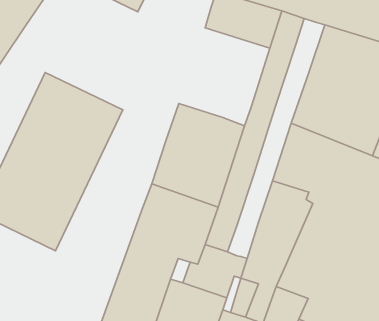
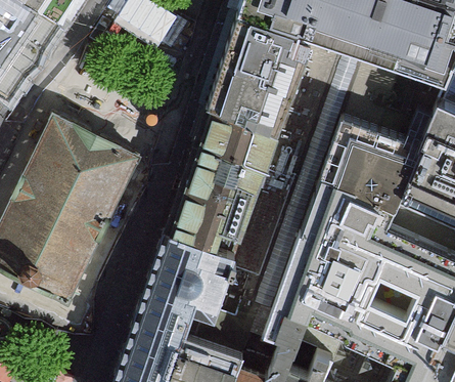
building: none -> [202,53,302,161]

